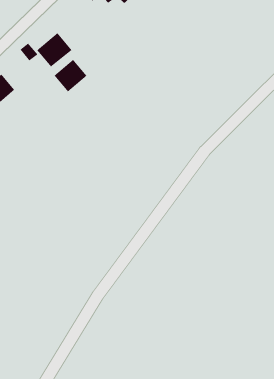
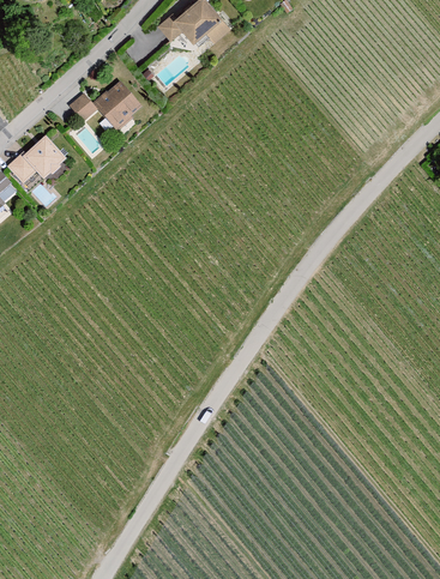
building: [54,59,88,93] -> none

